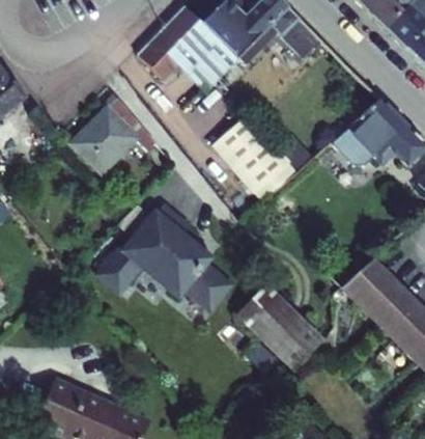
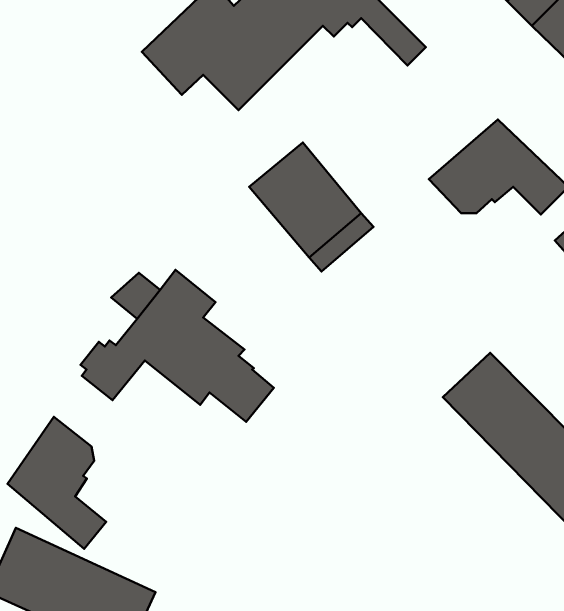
building: [72,97,146,175] -> none
building: [234,281,318,369] -> none
building: none -> [8,417,106,549]

